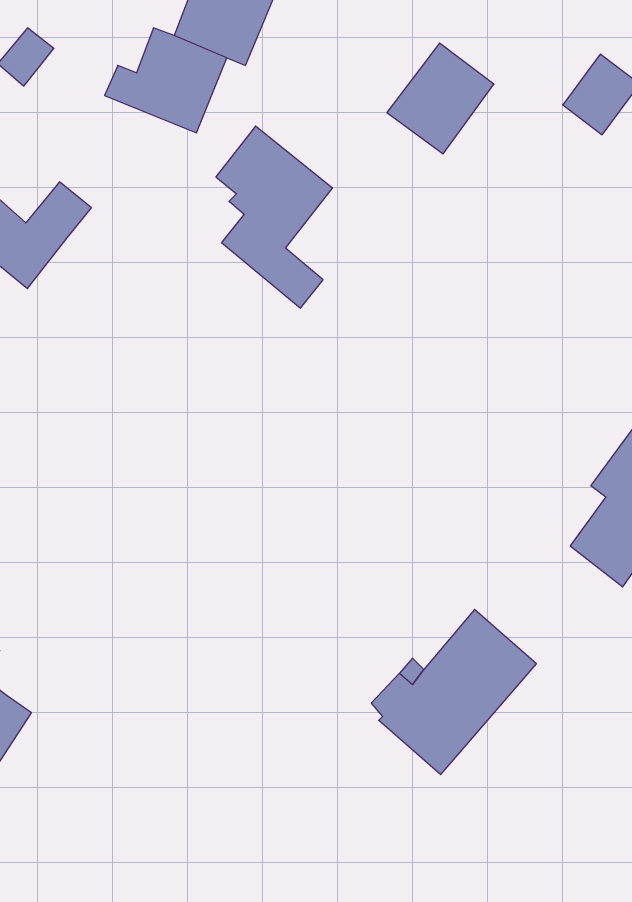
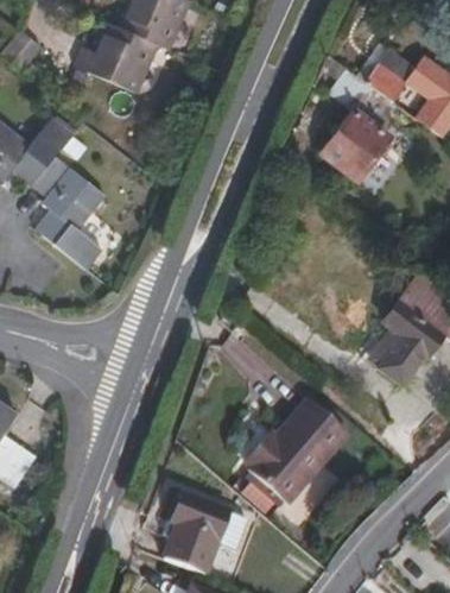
building: [387,43,494,154] -> [319,108,387,178]
building: [216,126,332,308] -> [26,164,100,279]
building: none -> [166,491,230,573]

